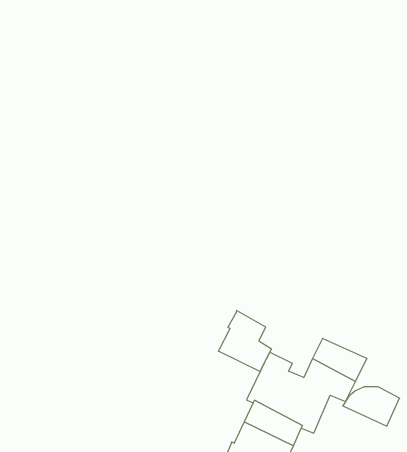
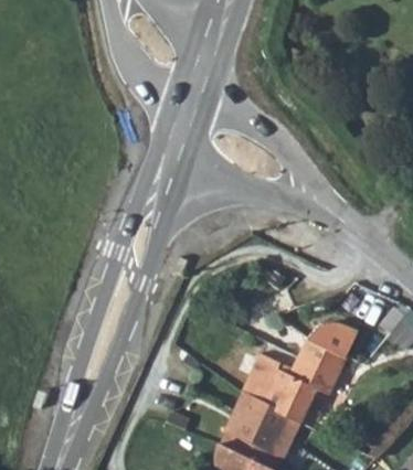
building: [218,310,271,371] -> none
building: [343,387,400,426] -> [308,323,358,357]

